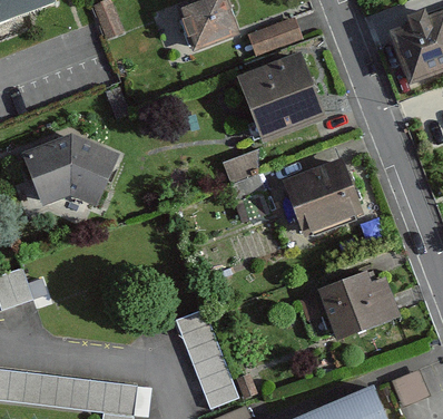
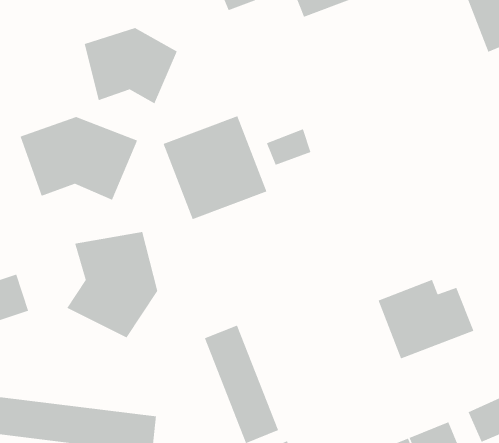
building: [237,53,324,140] -> [162,115,267,220]
building: none -> [84,27,178,104]
building: [283,160,360,233] -> none
building: none -> [66,231,158,338]

